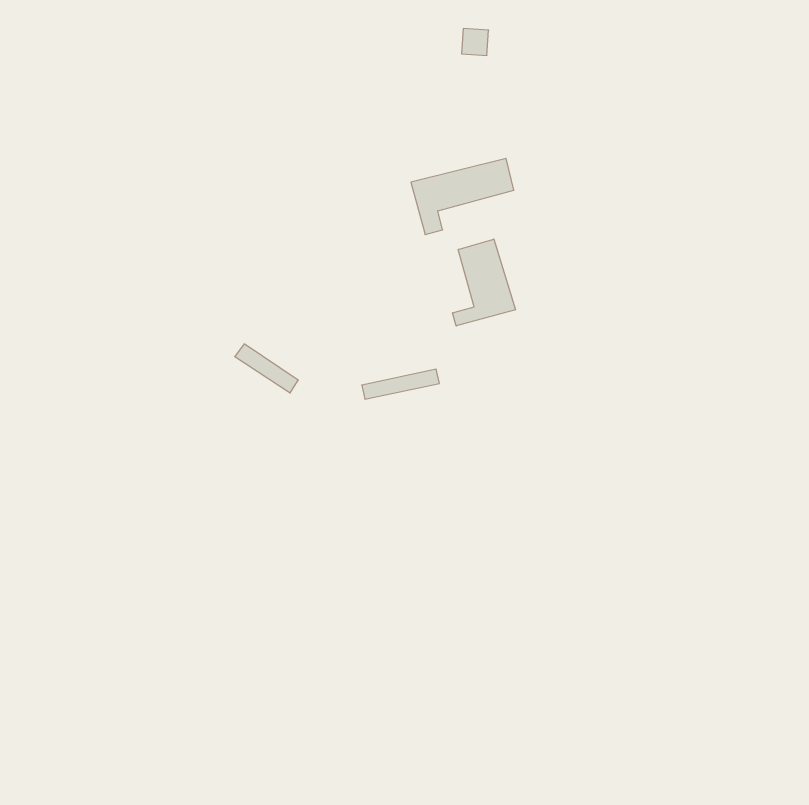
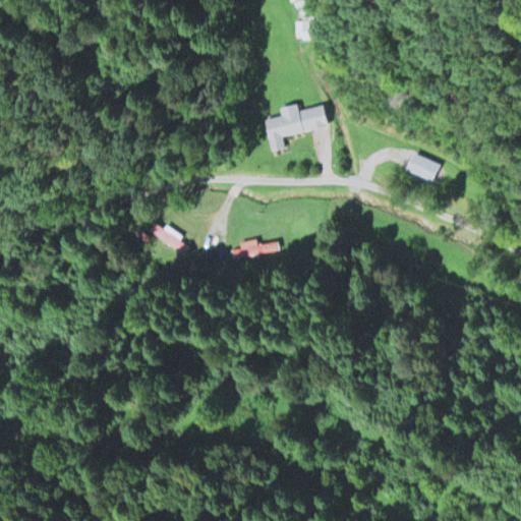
building: none -> [405,153,439,181]
building: [453,239,516,326] -> none

